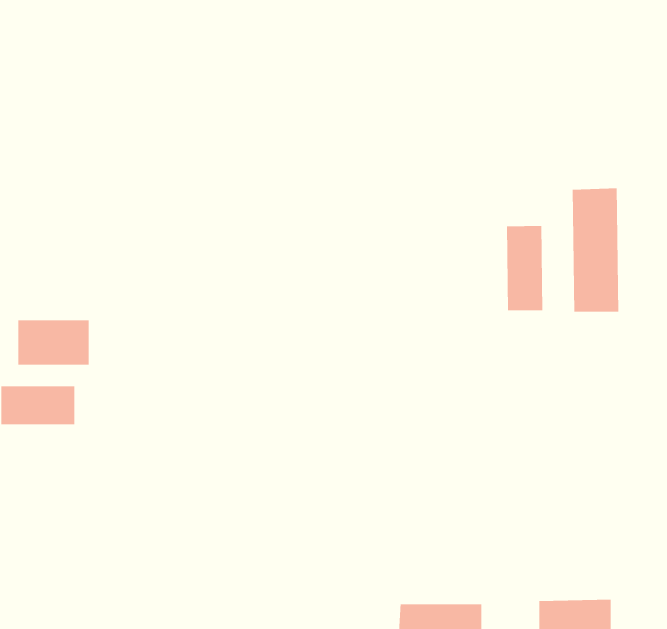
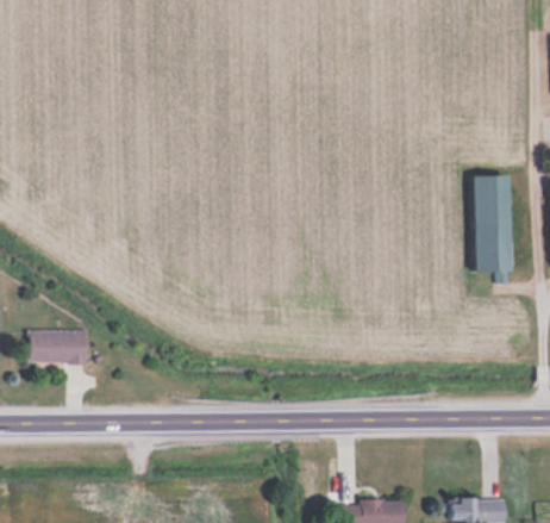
building: [506,225,543,311] -> none
building: [17,319,89,365] -> none

